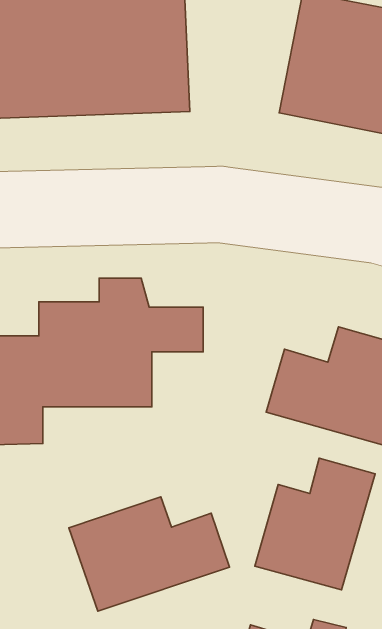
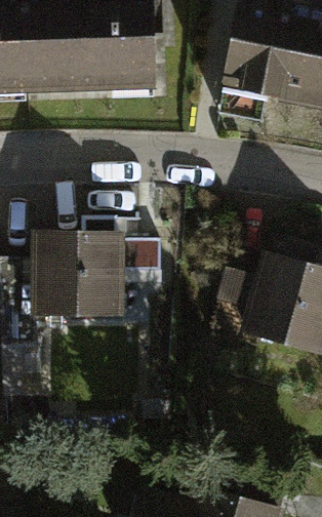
building: [255,458,375,590] -> none
building: [69,497,230,611] -> none

